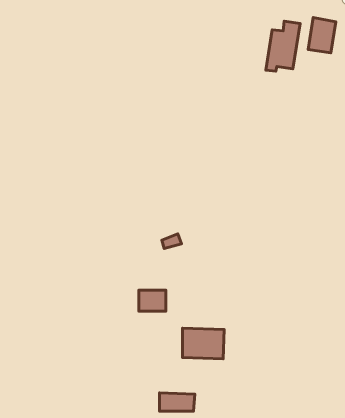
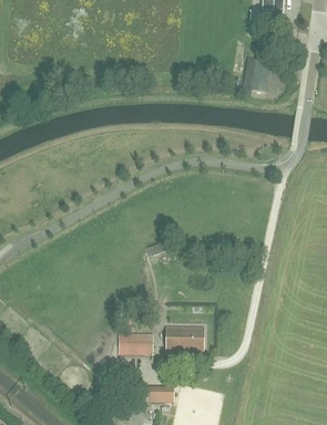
building: [308,18,336,53] -> none
building: [139,290,166,311] -> [127,332,152,351]

